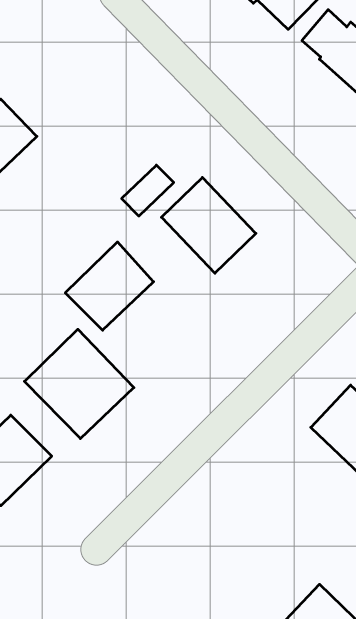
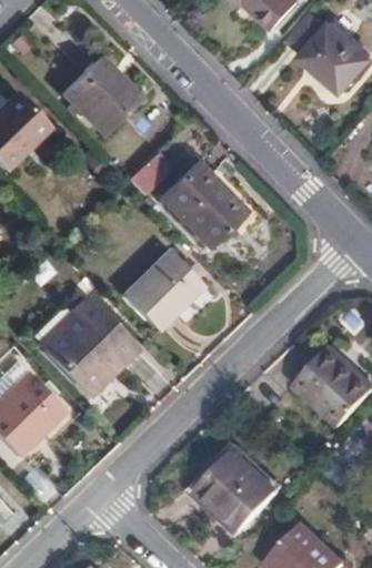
building: none -> [62,55,139,132]
building: [65,242,154,330] -> [122,250,201,328]
building: none -> [197,449,278,532]

